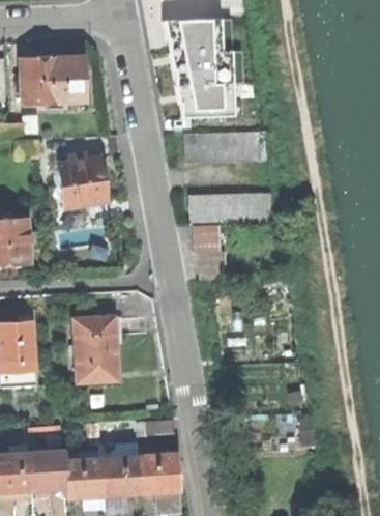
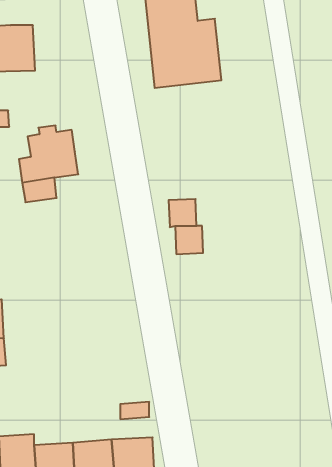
building: [62,56,84,101] -> none
building: [184,130,266,162] -> none
building: [188,190,271,223] -> none
building: [75,317,117,380] -> none

